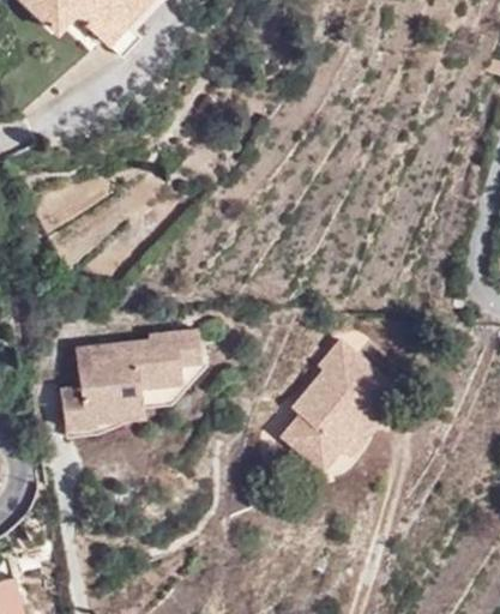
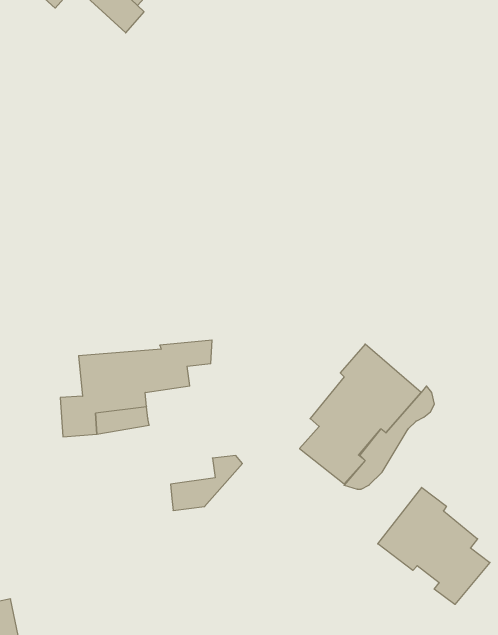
building: [137,357,203,408] -> [171,456,242,510]
building: none -> [378,487,490,604]

